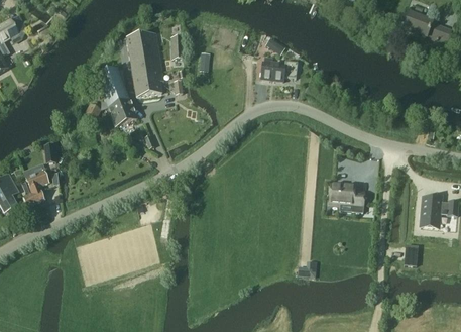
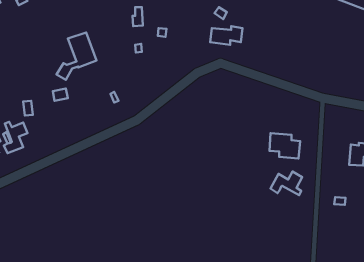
building: [128,33,163,96] -> none
building: [108,99,136,126] -> none
building: none -> [270,171,302,195]

